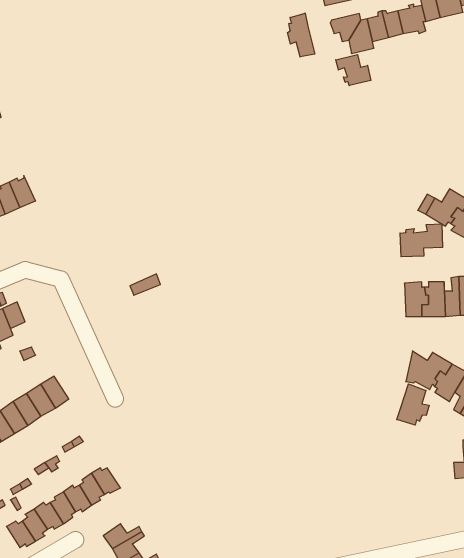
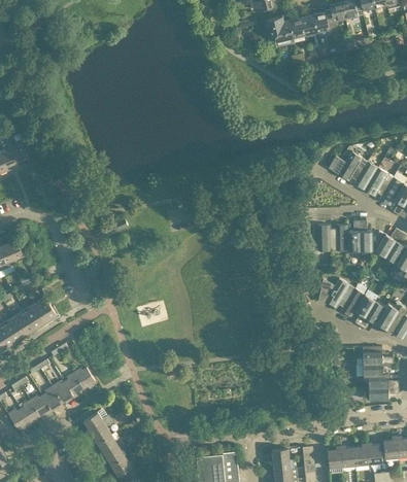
building: [287,13,315,57] -> none
building: [336,55,371,86] -> none
building: [400,224,443,257] -> none
building: [397,384,429,425] -> none

